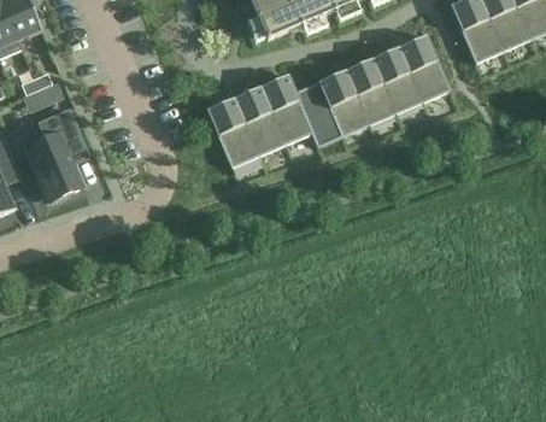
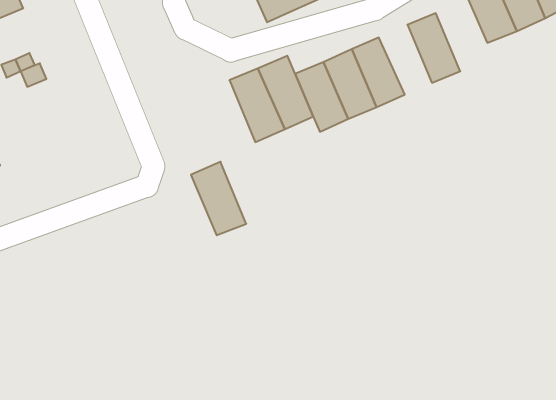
building: [374,46,423,111] -> none
building: [206,98,258,166] -> [191,162,246,235]
building: [27,109,84,201] -> none

